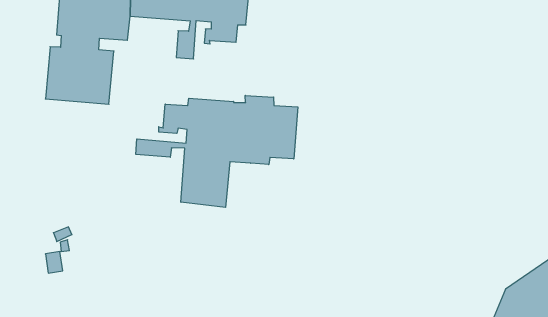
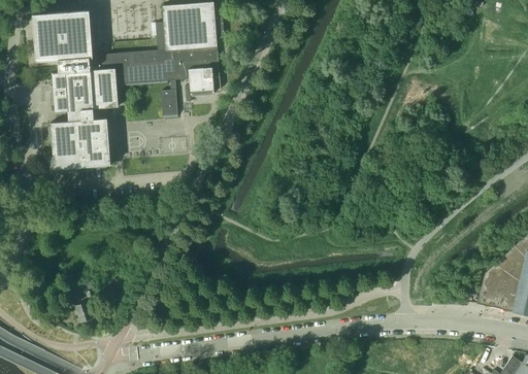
building: [136,95,298,207] -> none

